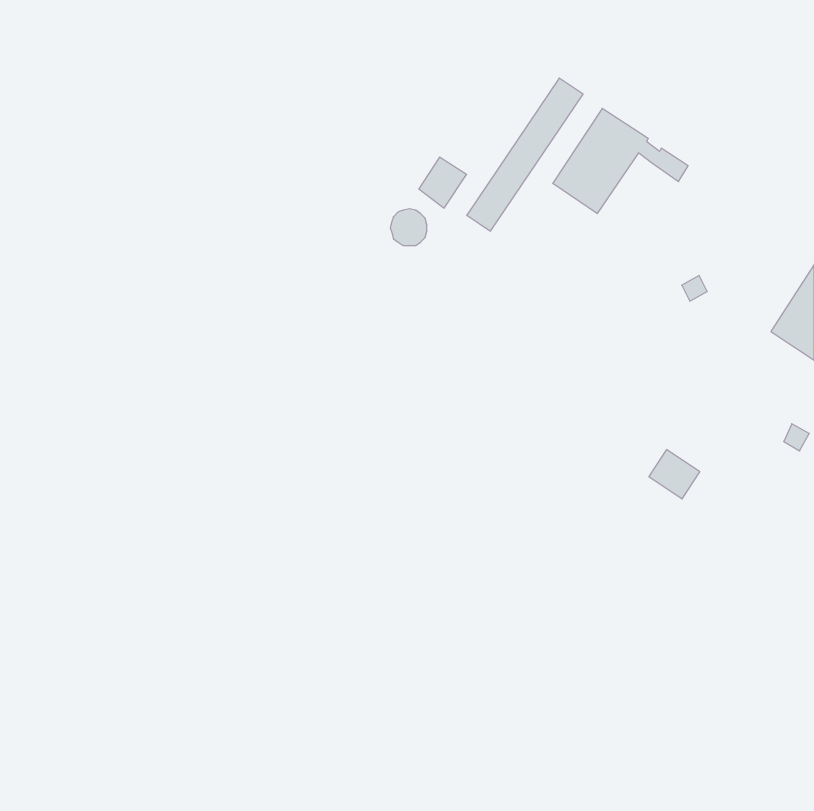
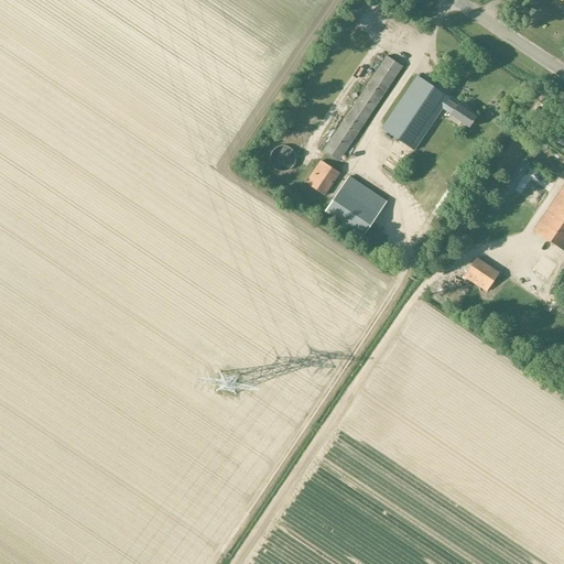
building: [419,157,467,208] -> [306,159,339,194]
building: none -> [325,174,387,235]
building: [649,450,700,499] -> [464,256,499,290]

